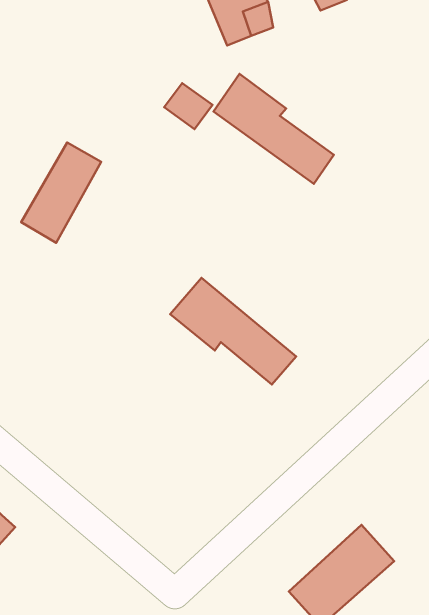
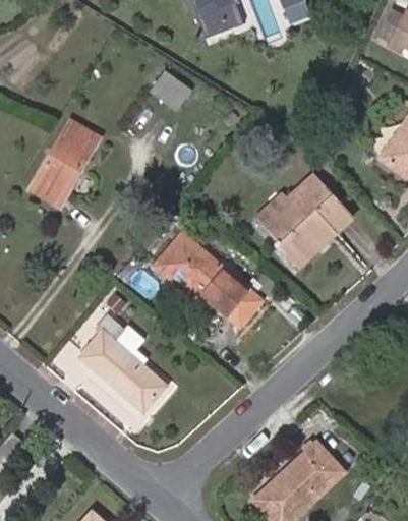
building: [214,74,334,184] -> none
building: none -> [257,175,351,264]
building: none -> [82,313,165,409]

